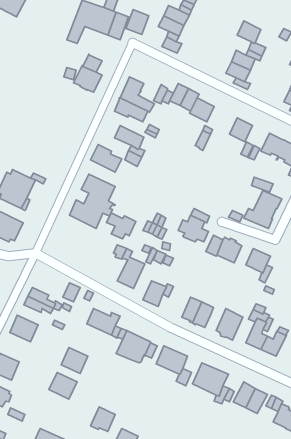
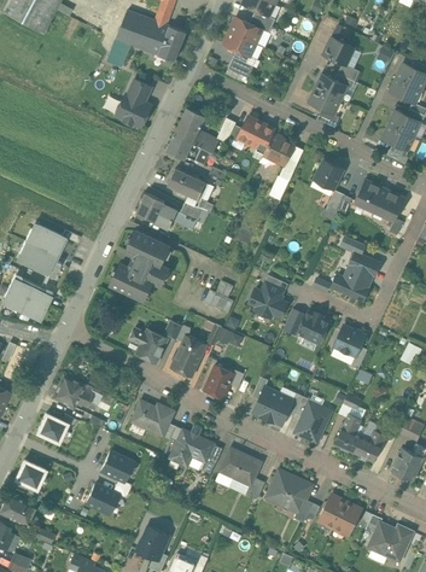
building: [126,10,149,34] -> none
building: [106,213,136,239] -> [130,328,168,361]

